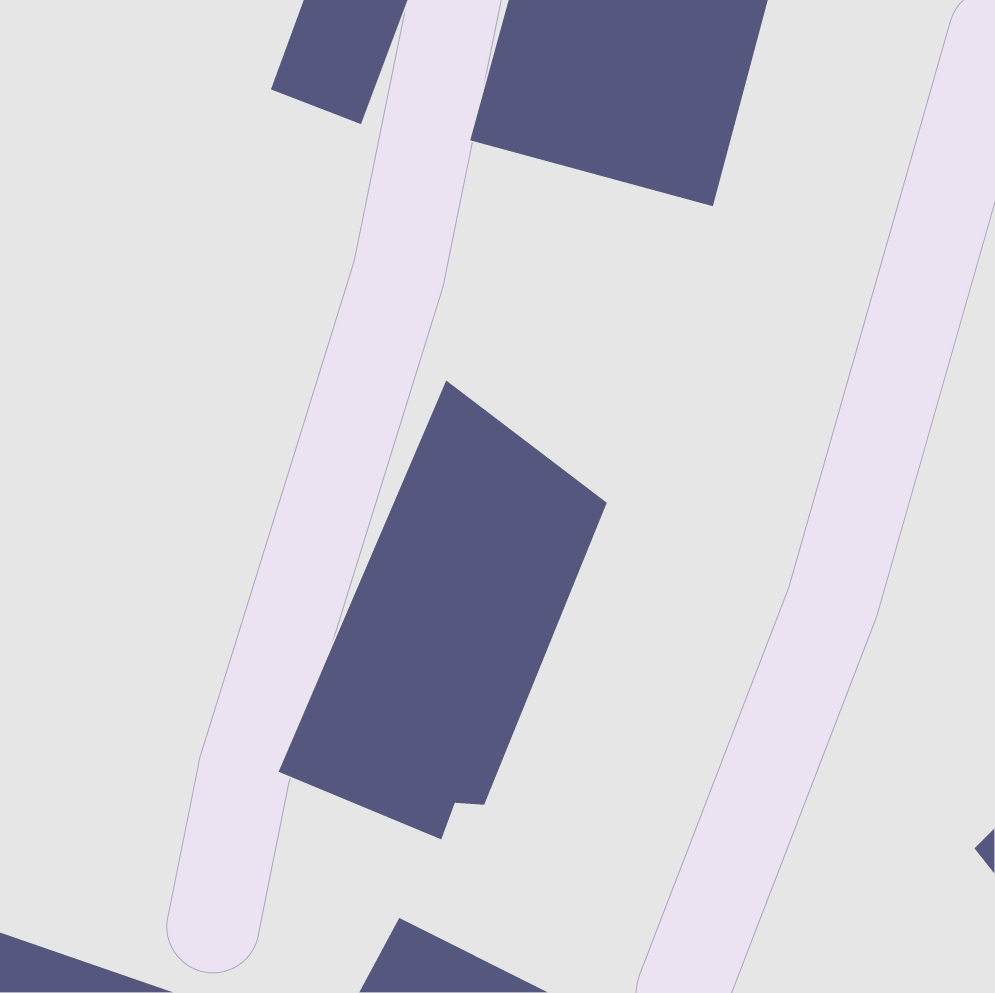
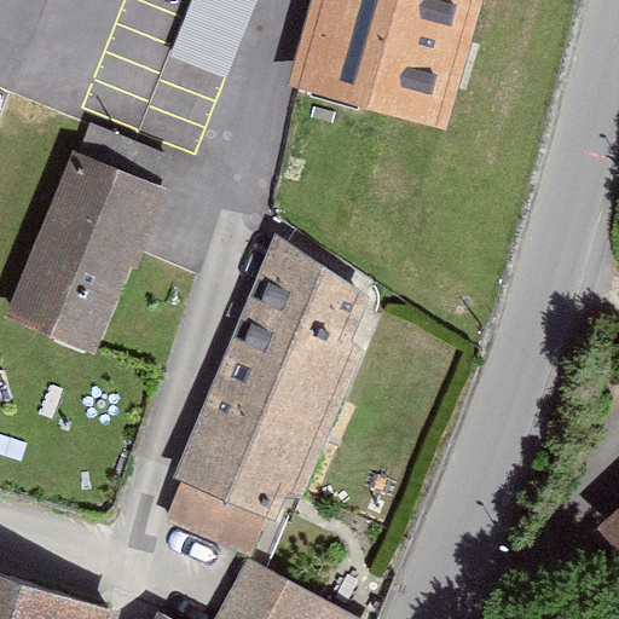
building: none -> [15,162,156,343]

